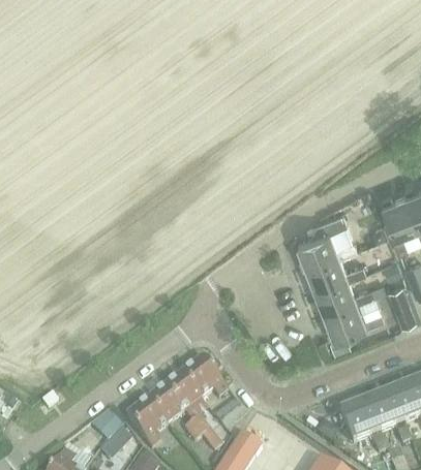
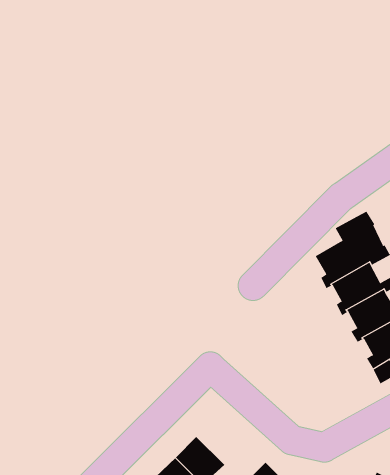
building: [183,355,228,396] -> none

